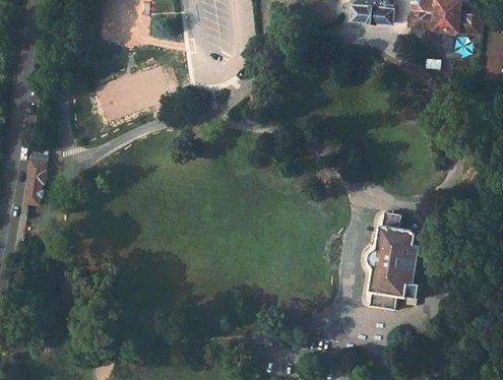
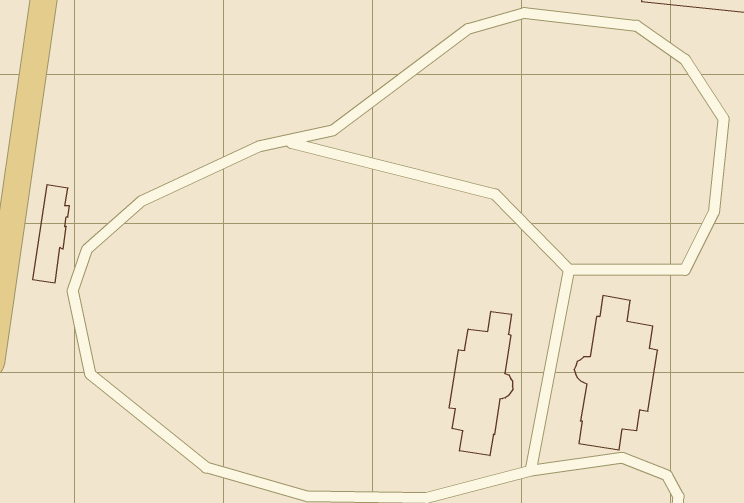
building: none -> [449,311,513,456]

